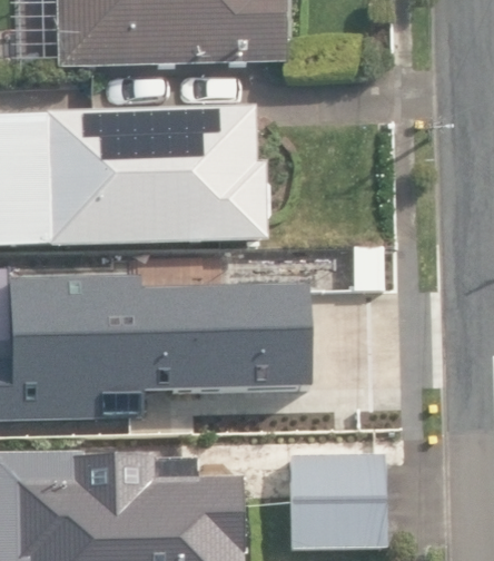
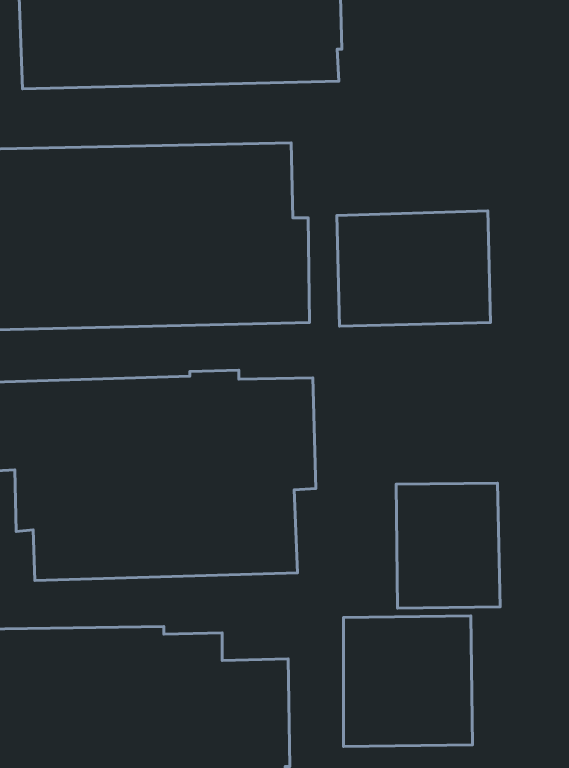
building: none -> [337,211,491,326]
building: none -> [396,483,500,608]

